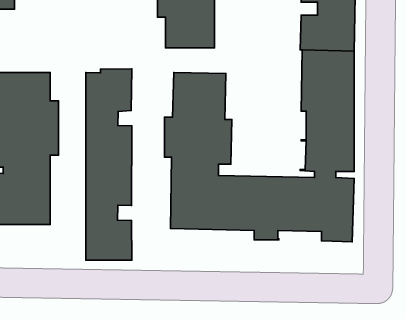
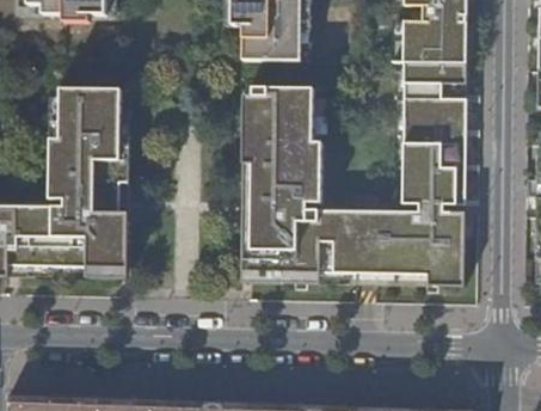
building: [86,69,132,260] -> none

